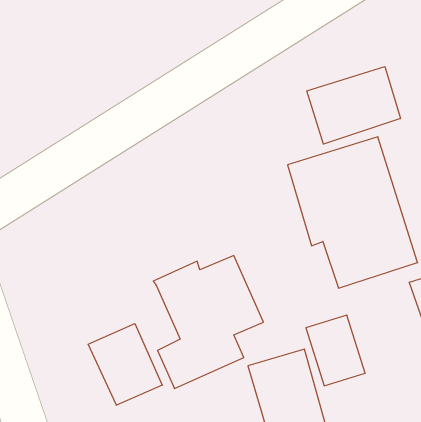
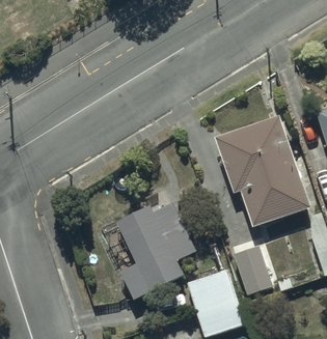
building: [307,67,400,144] -> none
building: [88,324,162,405] -> none

